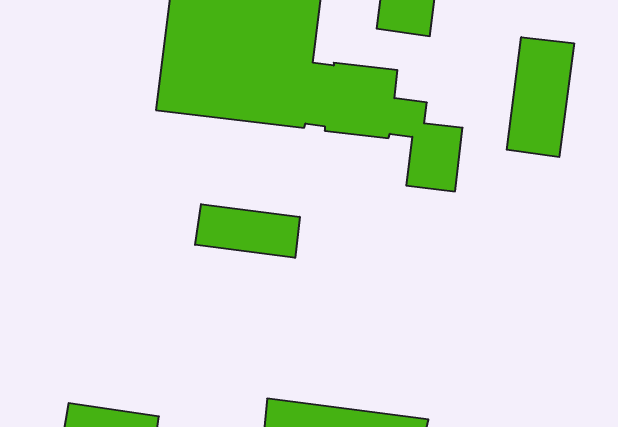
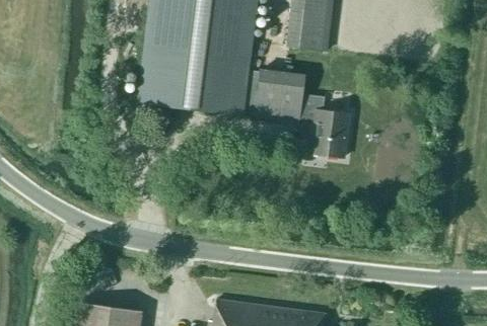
building: [507,37,574,157] -> none
building: [195,204,300,258] -> none

